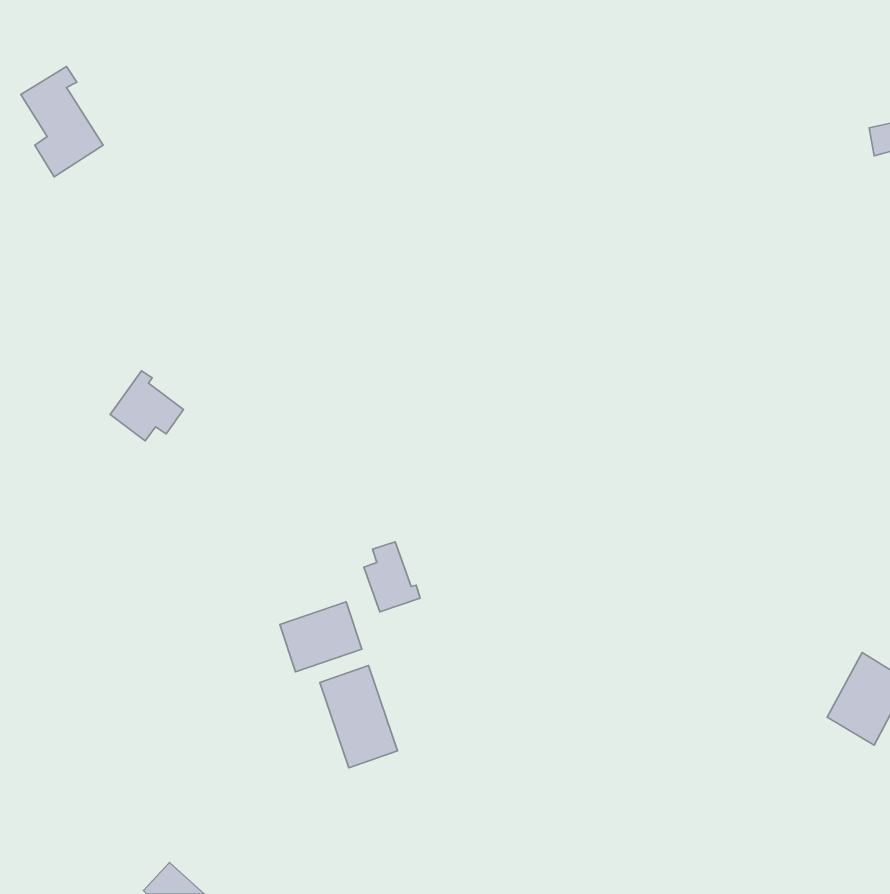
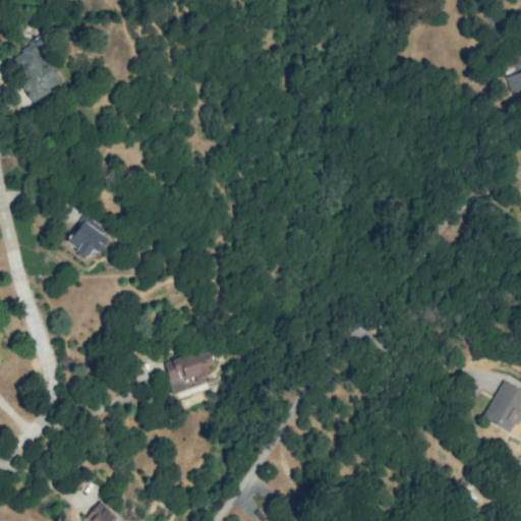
building: [364,542,420,612] -> none
building: [320,665,398,768] -> none

